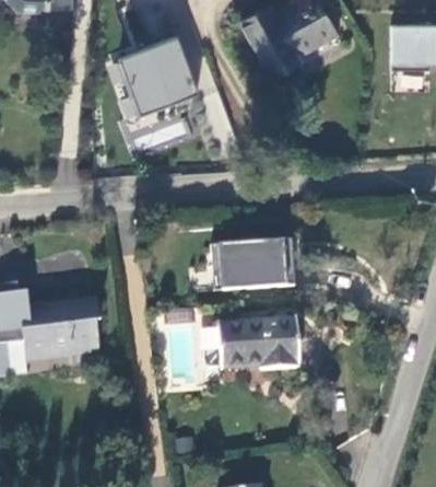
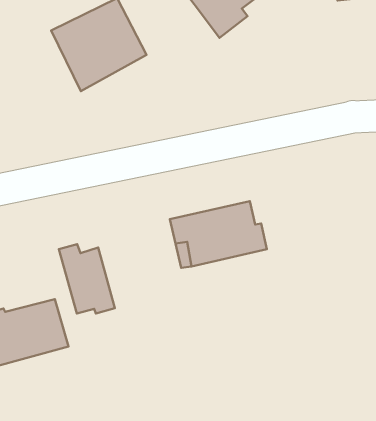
building: none -> [59,244,115,314]
building: [216,316,298,369] -> none

